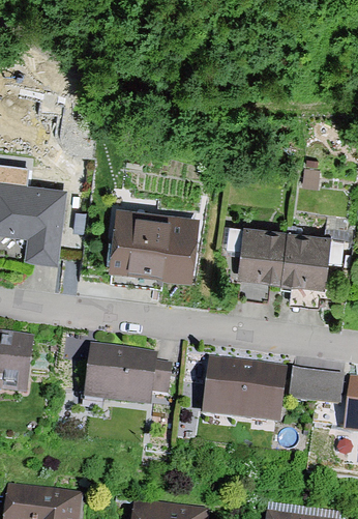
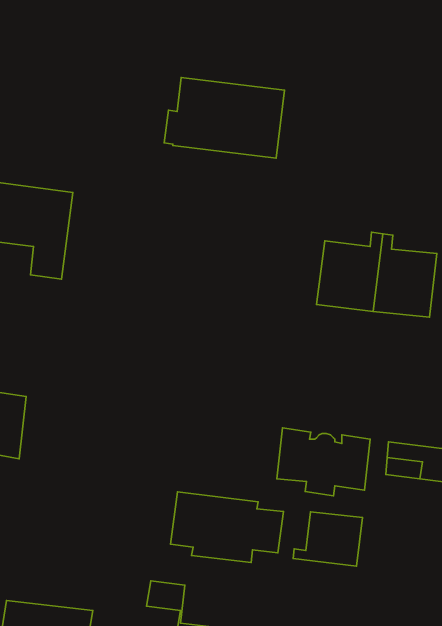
building: [107,213,195,272] -> [164,78,285,158]
building: [89,350,172,402] -> [170,492,284,563]
building: none -> [293,512,362,566]

